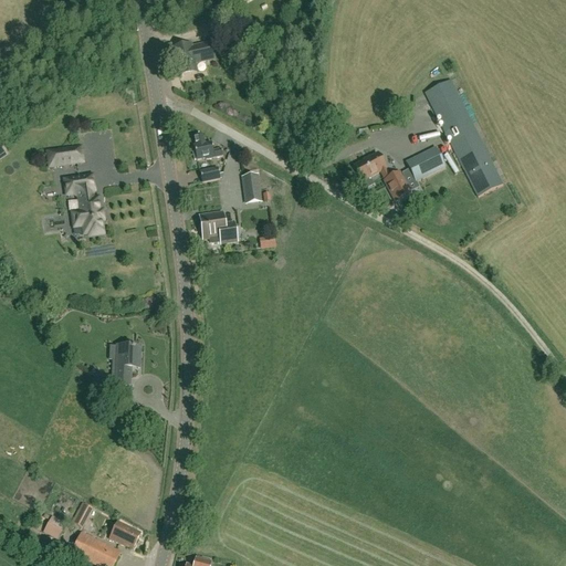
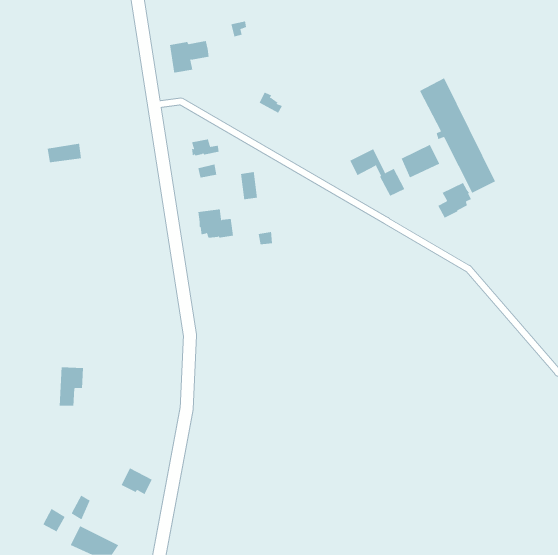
building: [65,175,103,234] -> none
building: none -> [438,182,472,218]
building: [115,344,140,384] -> [59,367,84,406]
building: [108,520,140,547] -> [121,468,153,495]

